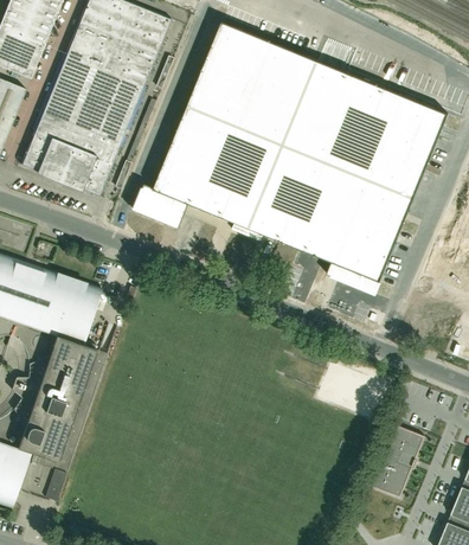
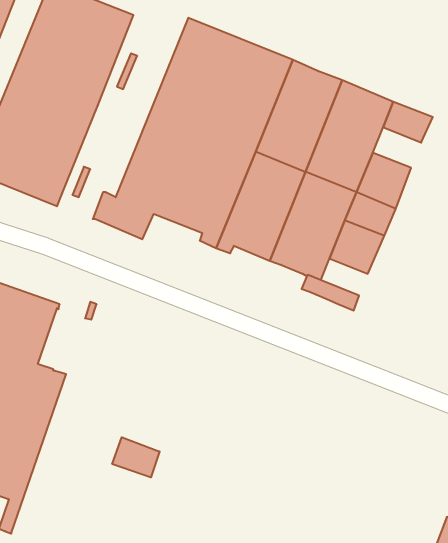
building: [393,123,438,161] -> none
building: [345,245,388,280] -> none
building: none -> [112,437,160,477]
building: [371,424,425,496] -> none

